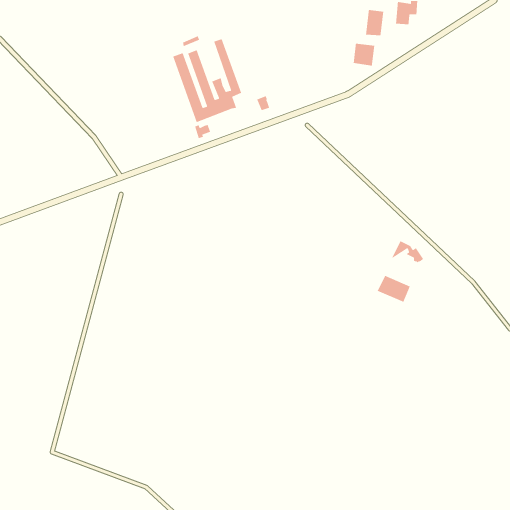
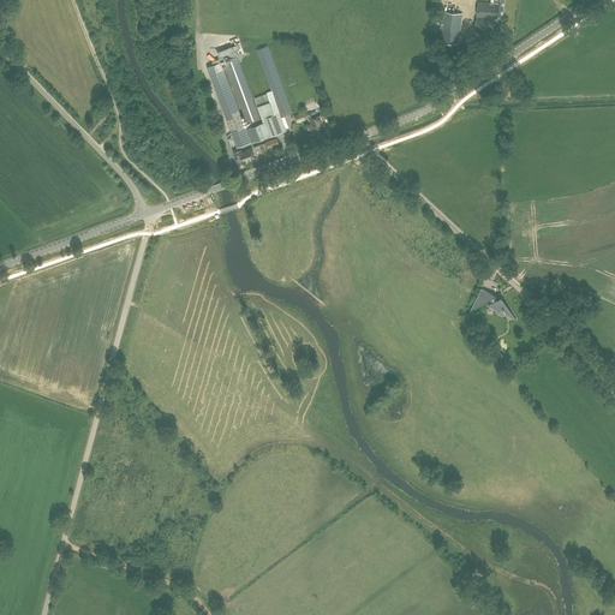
building: [353,43,375,67] -> none
building: [377,275,411,303] -> none

